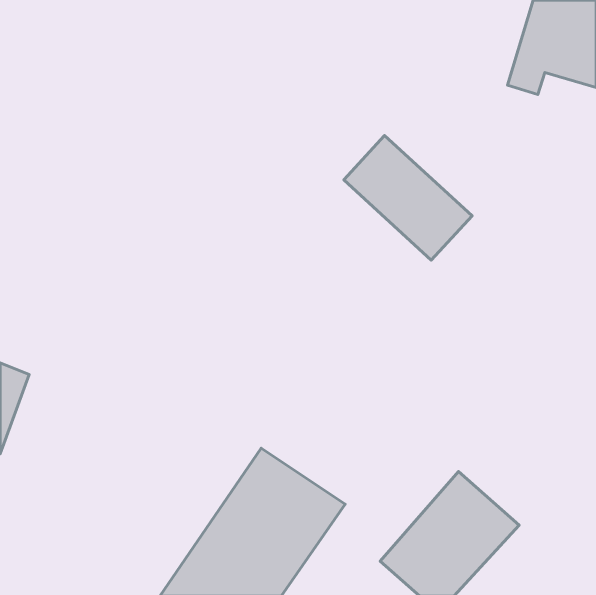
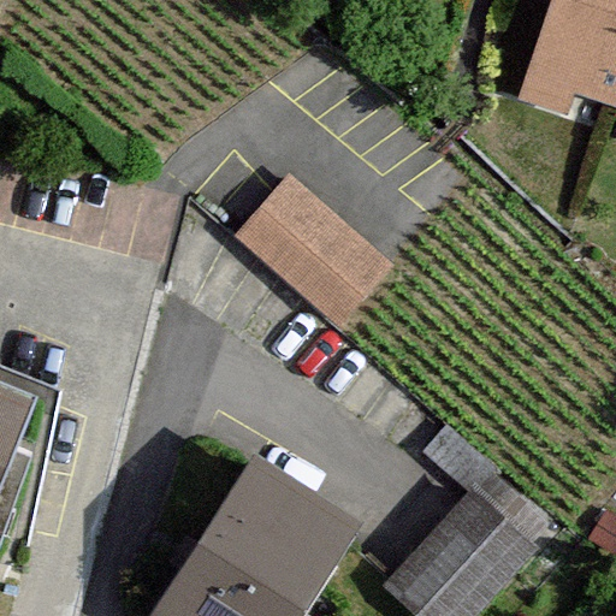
building: [344,135,472,260] -> [244,186,377,315]

